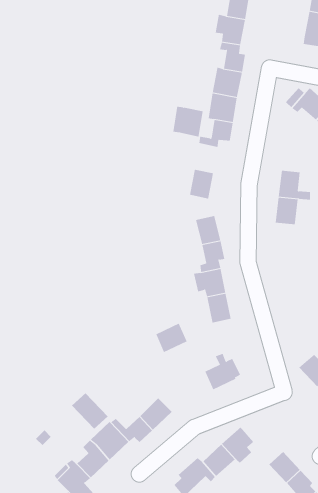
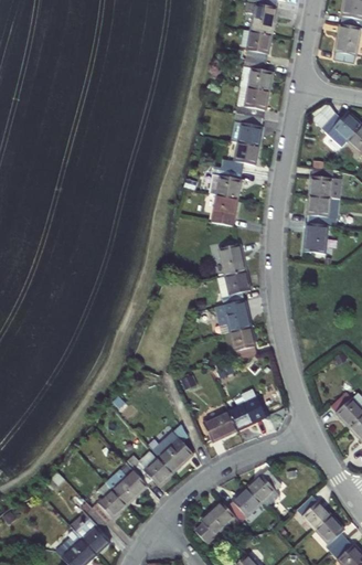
building: [172,106,203,137] -> [210,164,243,198]
building: none -> [310,167,333,196]
building: [155,323,187,353] -> [203,409,237,441]
building: [71,393,108,429] -> none

